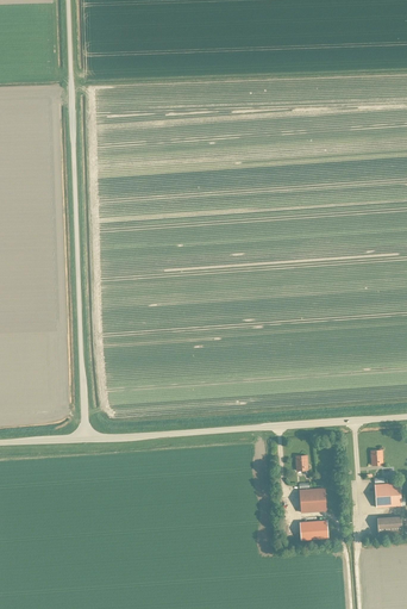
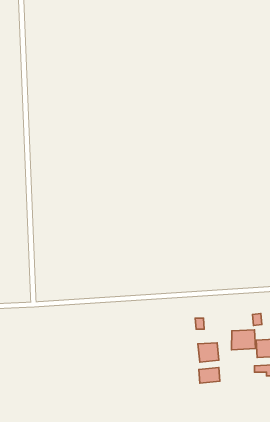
building: none -> [231,330,256,350]

